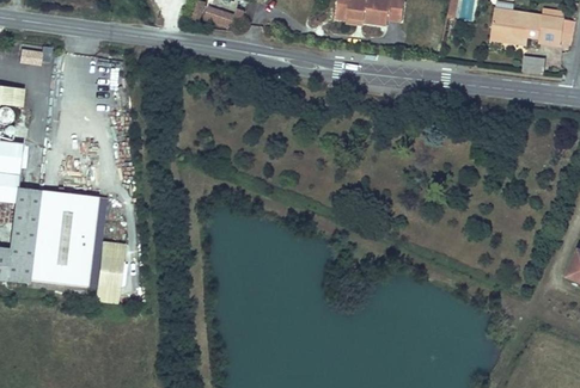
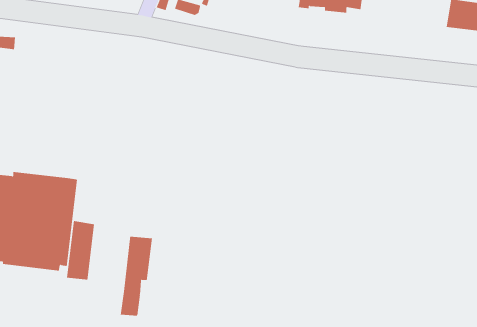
building: none -> [120,236,153,317]

